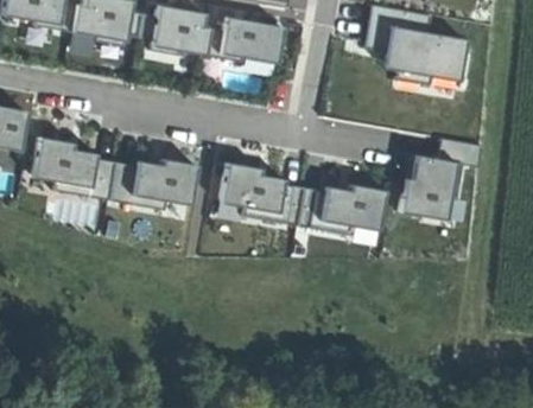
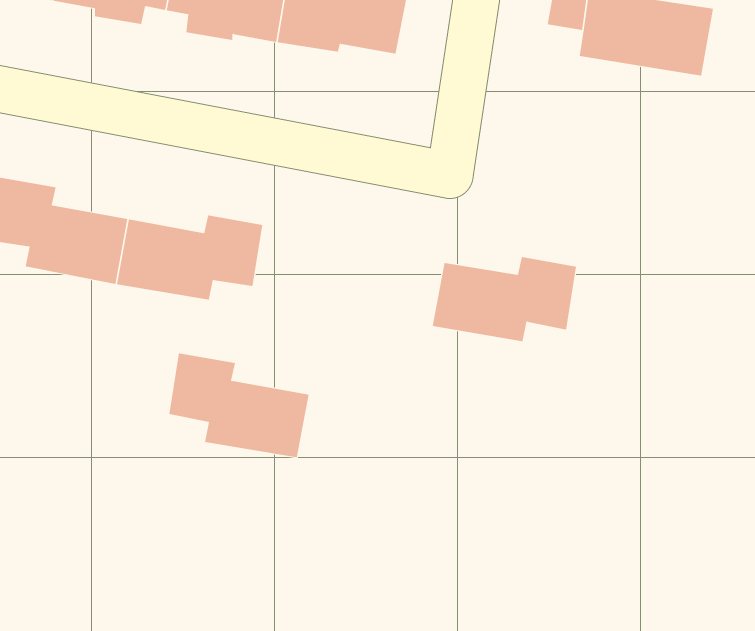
building: [398,136,481,218] -> none
building: [220,161,304,224] -> [168,353,309,458]

